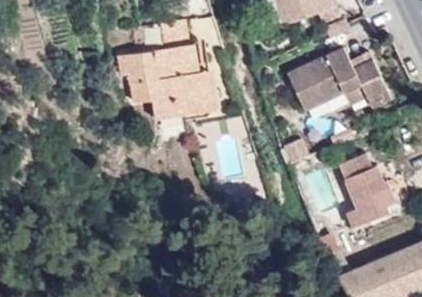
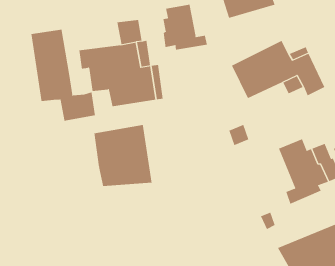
building: none -> [163,4,208,50]
building: none -> [31,29,96,121]
building: none -> [94,124,152,187]

